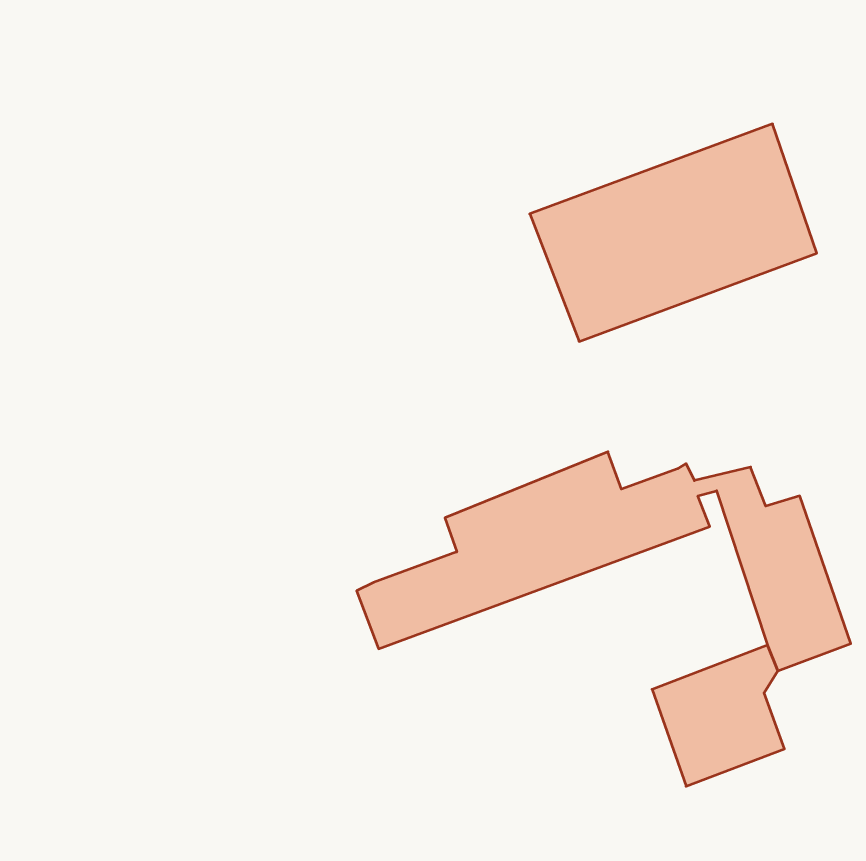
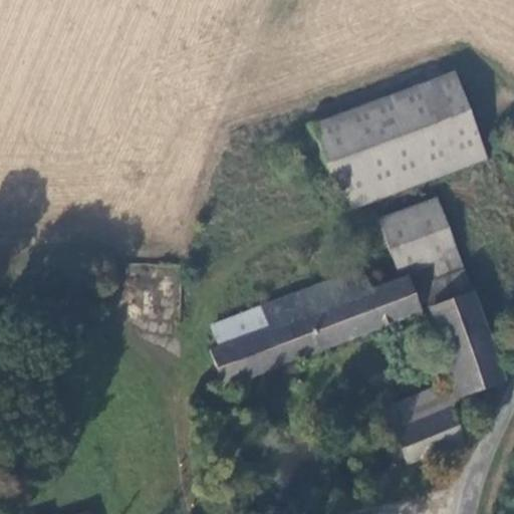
building: none -> [378,199,474,299]
building: none -> [214,306,271,344]

